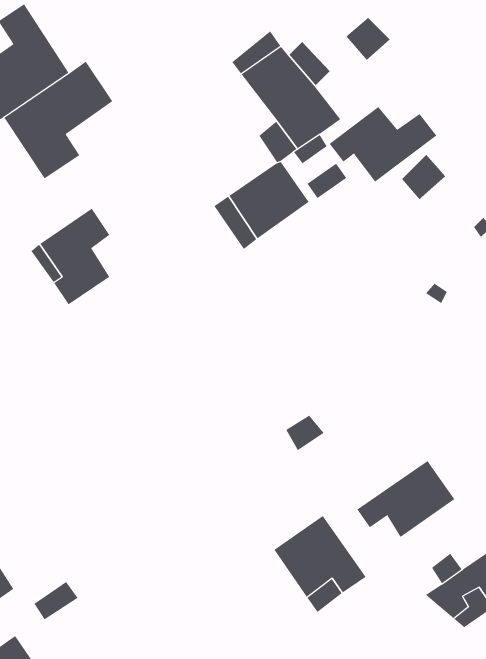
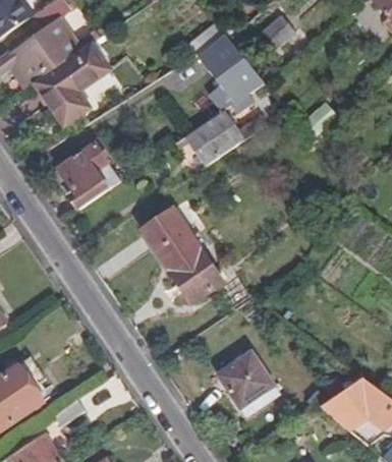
building: [329,106,437,183] -> none
building: none -> [143,208,223,303]
building: [357,460,455,538] -> none

